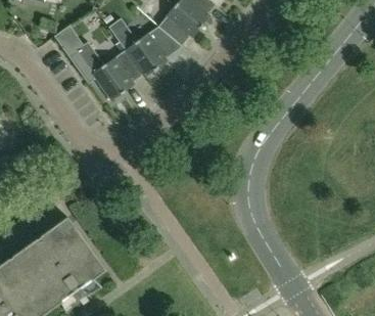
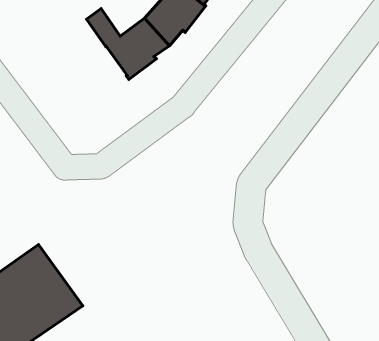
building: [53,26,143,101] -> none

